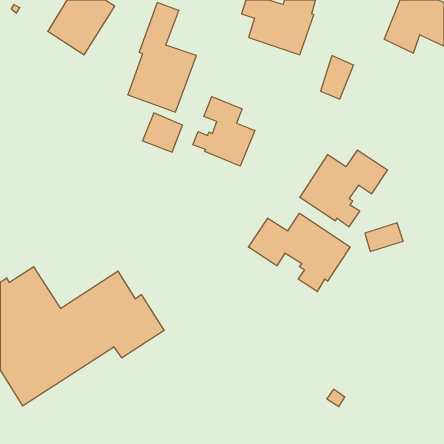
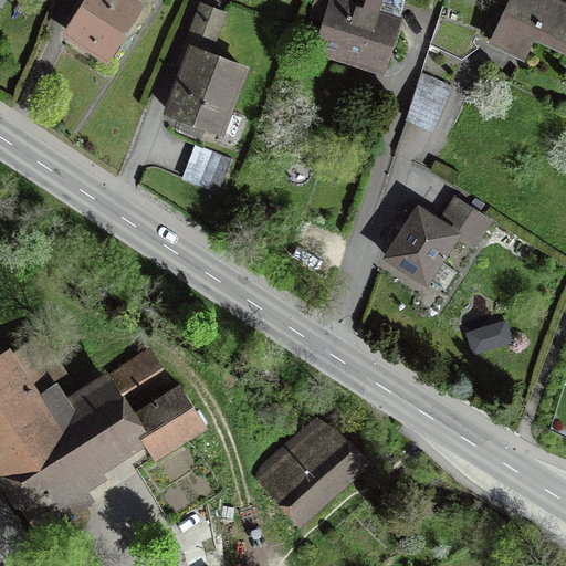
building: [193,97,255,166] -> none
building: [248,213,350,292] -> none
building: [365,223,403,251] -> [465,317,514,354]
building: none -> [261,420,363,521]

